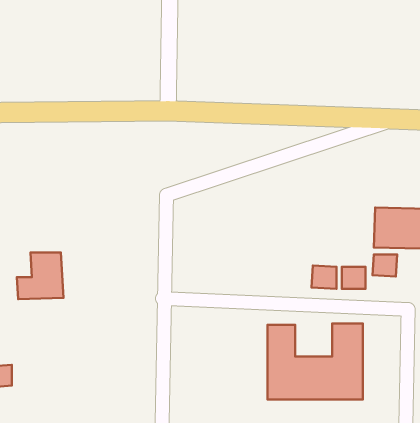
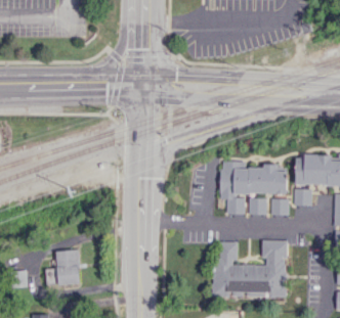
building: none -> [220,162,286,214]
building: [17,252,64,299] -> [45,251,80,285]

